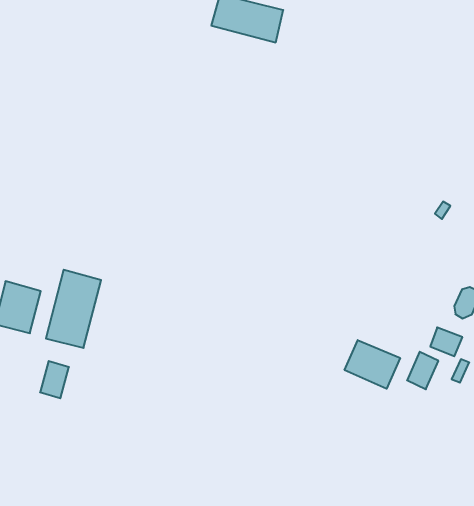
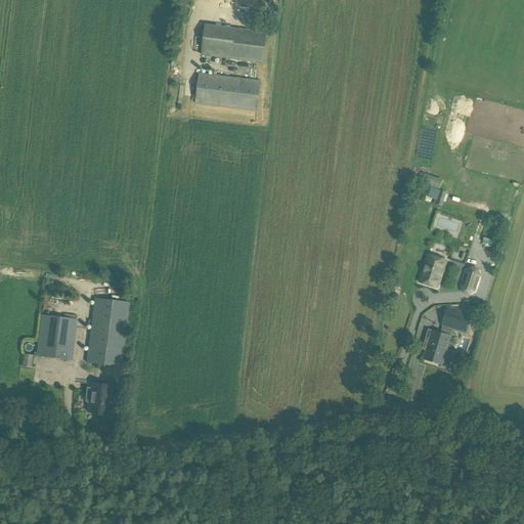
building: none -> [195,73,260,111]
building: none -> [416,252,447,289]
building: [345,340,400,389] -> none

